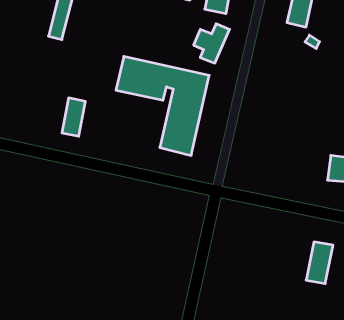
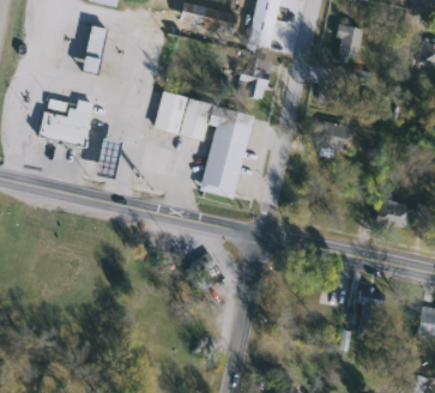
building: none -> [40,101,93,146]
building: none -> [319,122,351,153]

